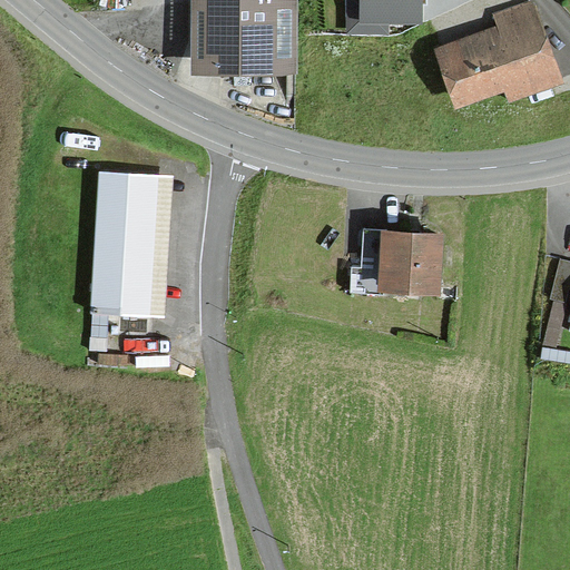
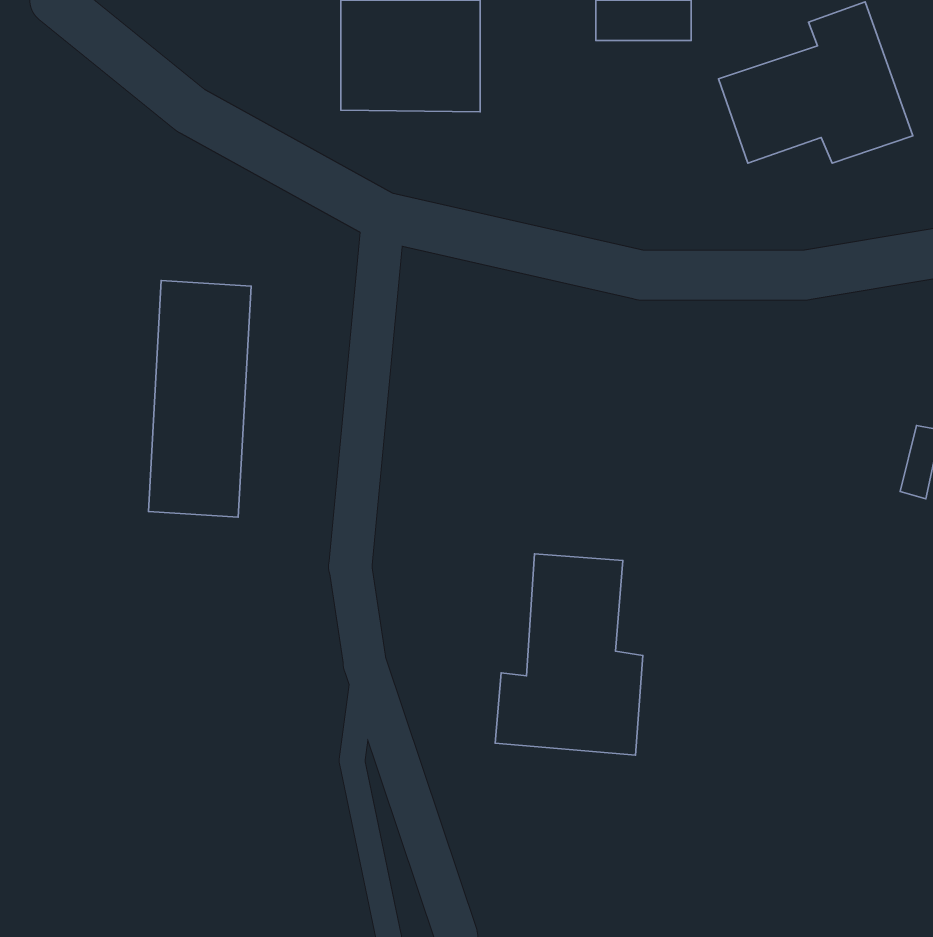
building: [350,230,456,301] -> none
building: none -> [495,554,643,755]

